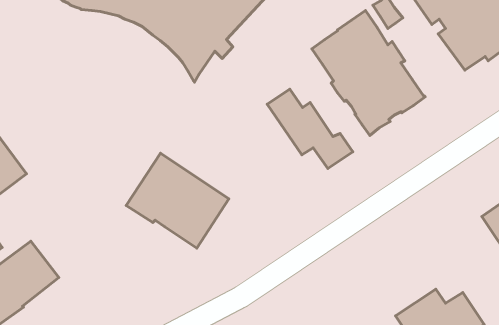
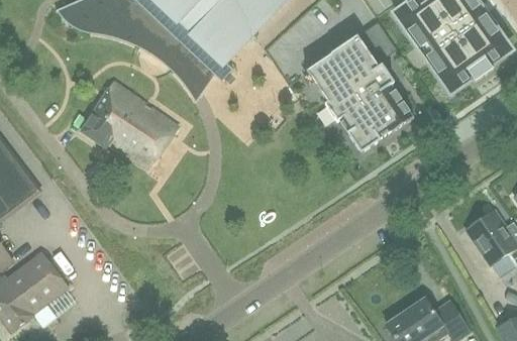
building: [267,89,353,169] -> none
building: [126,153,229,248] -> [81,80,178,169]

